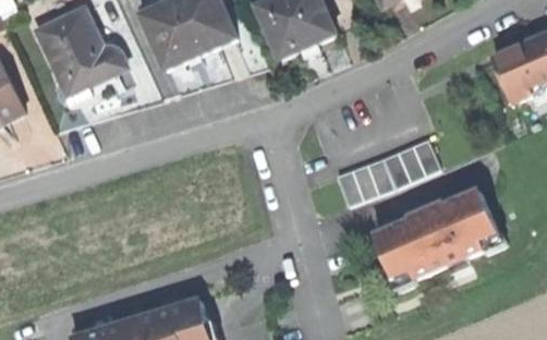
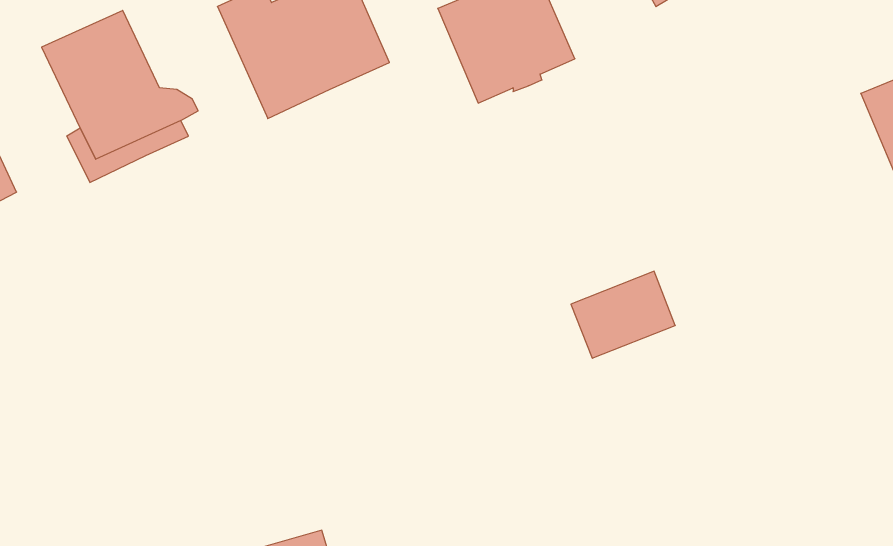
building: [381,136,439,184] -> none
building: [375,187,502,287] -> none

